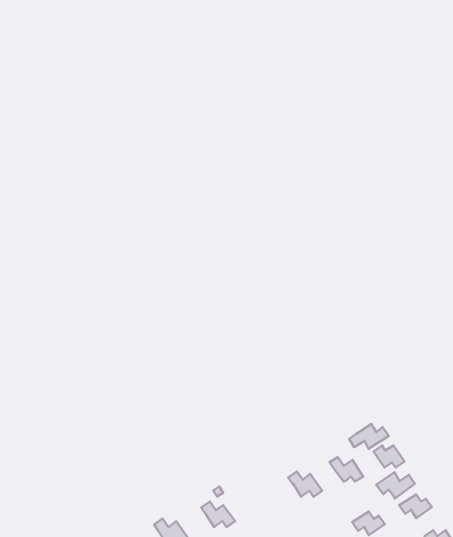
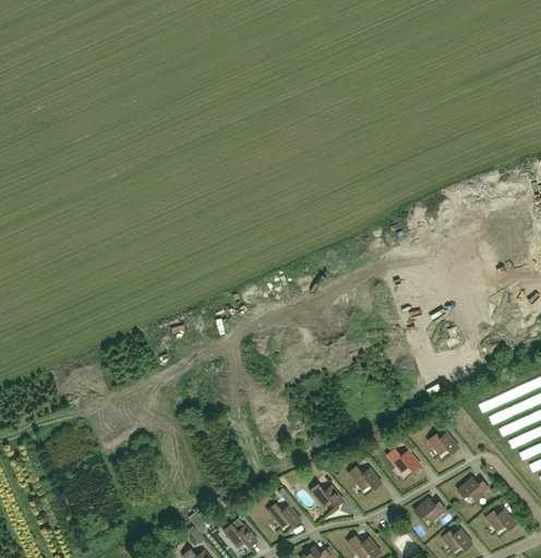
building: [349,424,389,449] -> none
building: [376,472,415,498] -> none
building: none -> [310,484,344,508]

